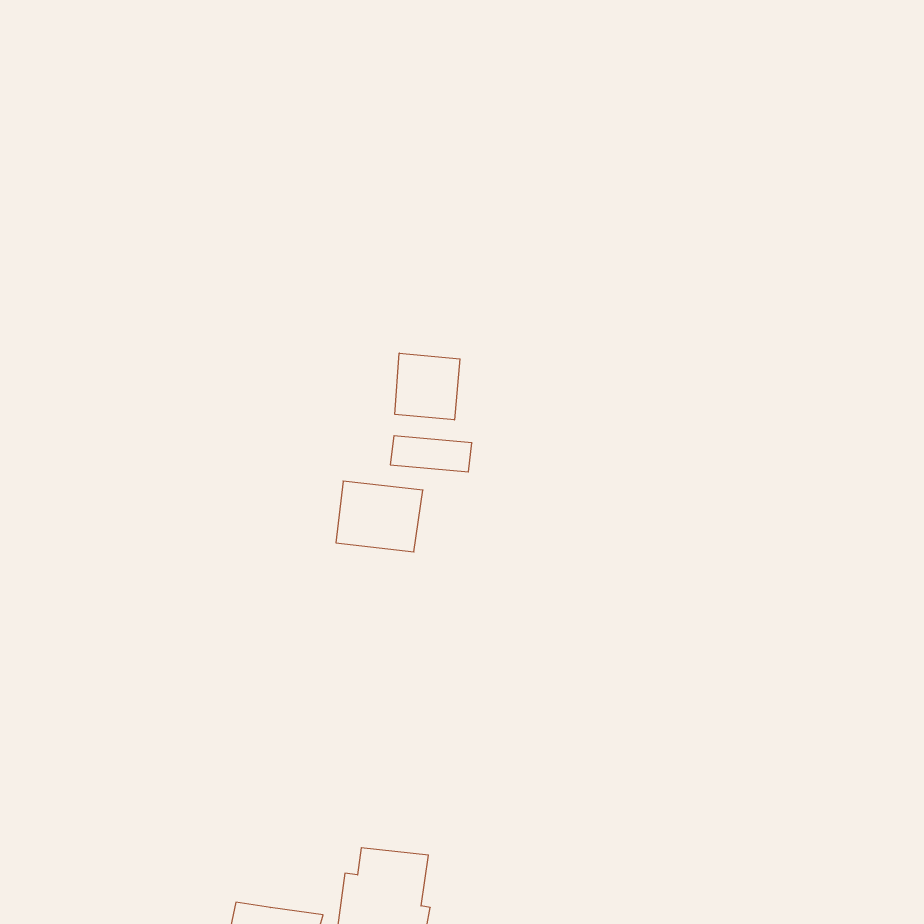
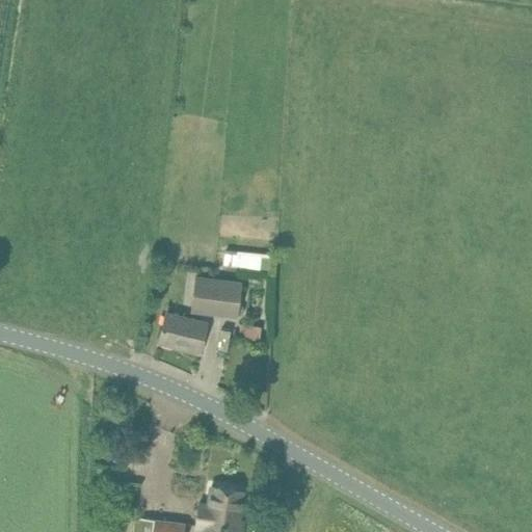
building: [395,353,460,420] -> none
building: none -> [160,314,209,354]

